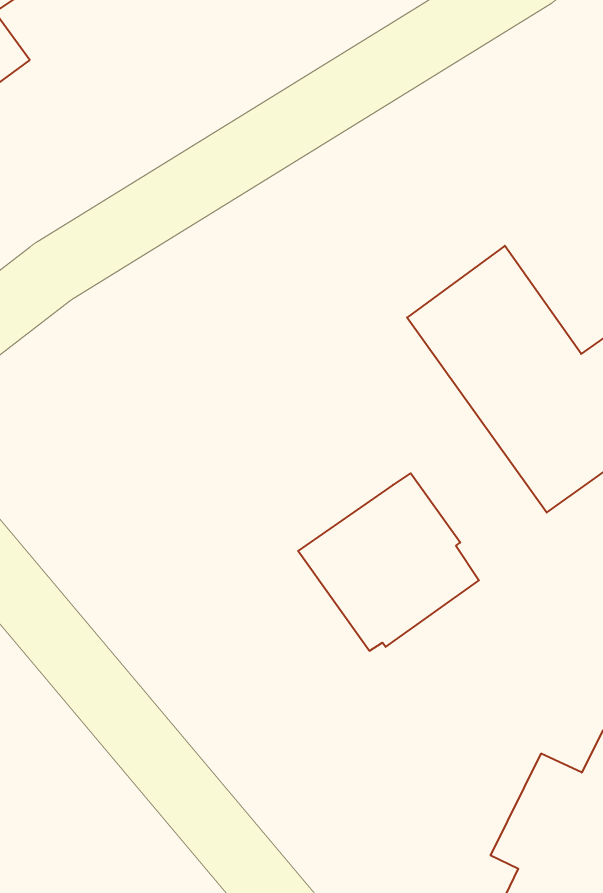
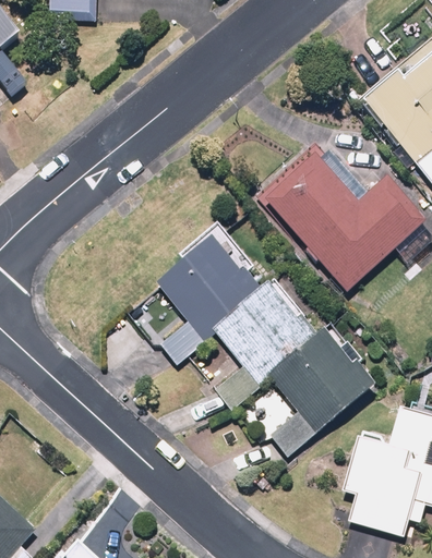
building: none -> [156,232,261,333]
building: none -> [268,331,372,429]

